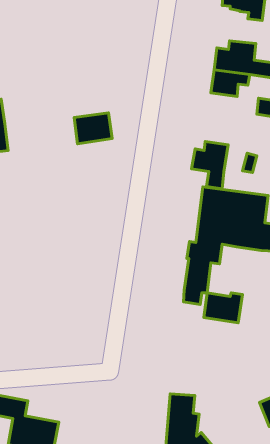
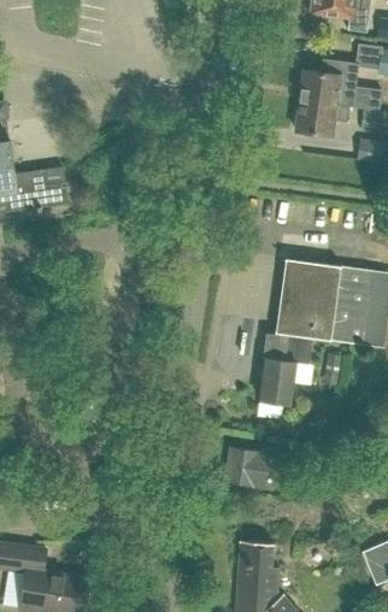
building: [74,113,112,144] -> [14,166,66,208]
building: [192,142,228,189] -> none
building: [204,293,243,323] -> [225,446,278,487]

